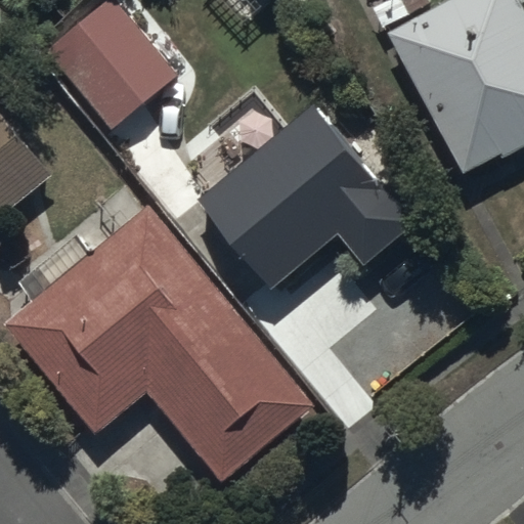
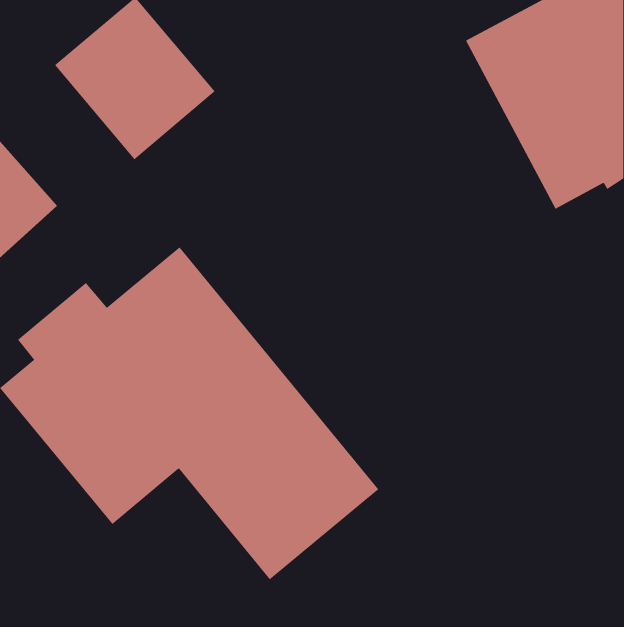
building: [198,103,416,288] -> none

